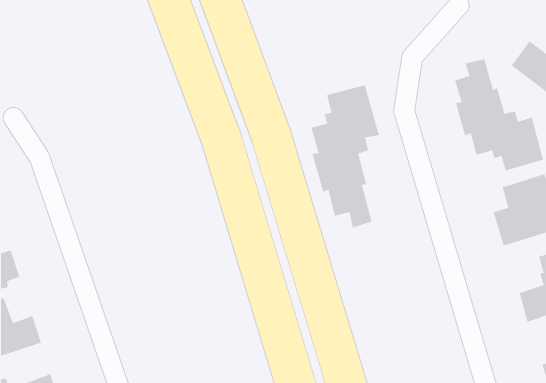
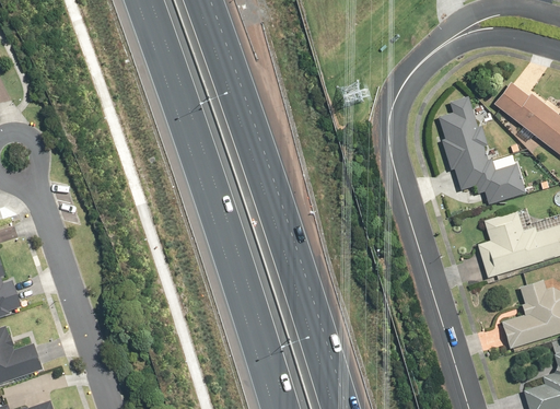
building: [311,85,380,228] -> none

